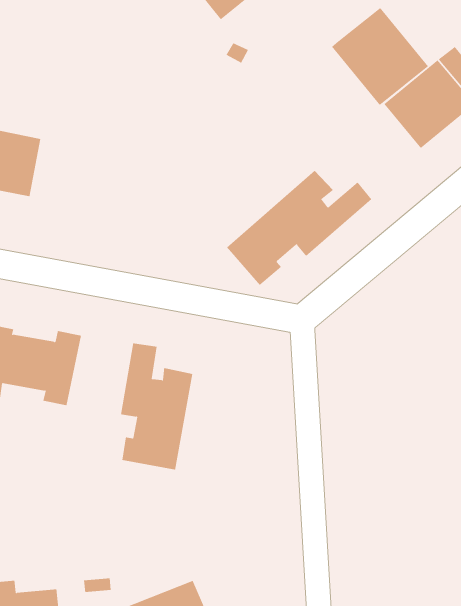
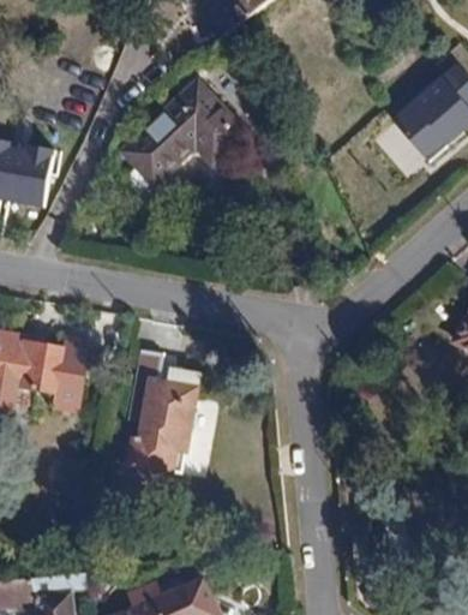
building: [331,7,429,106] -> none
building: none -> [130,88,252,189]
building: [226,170,372,286] -> none

